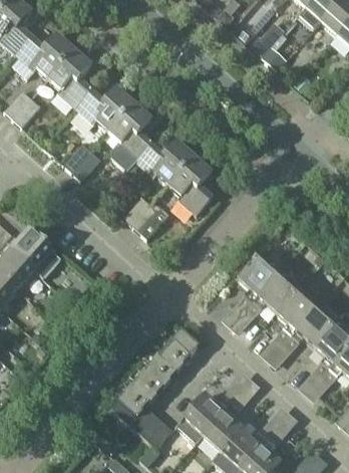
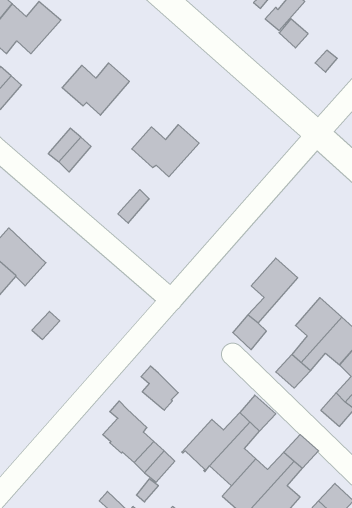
building: [48,48,92,106] -> none
building: [108,101,152,170] -> none
building: [167,155,213,214] -> none
building: [132,200,168,237] -> none
building: [245,271,298,317] -> none
building: [156,328,199,371] -> none
building: [129,363,162,402] -> none

